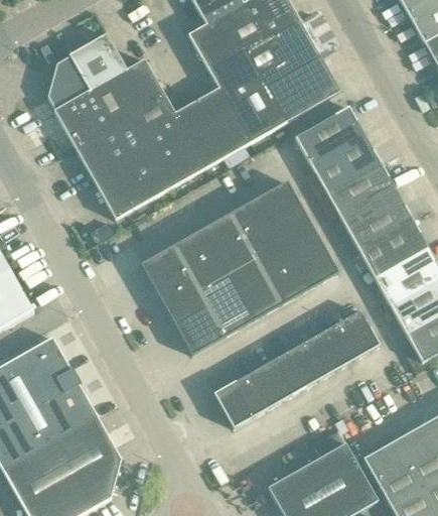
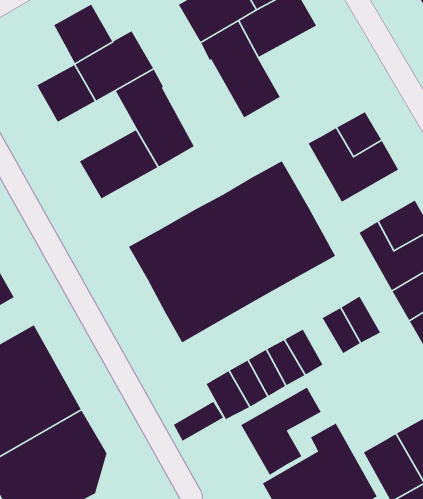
building: [47,53,90,110] -> none
building: [264,54,339,122] -> none
building: [173,87,250,168] -> none
building: [294,106,364,165] -> none
building: [74,116,148,182] -> none
building: [342,190,412,250] -> none
building: [306,331,343,375] -> none
building: none -> [240,387,322,476]
building: none -> [173,401,224,442]

